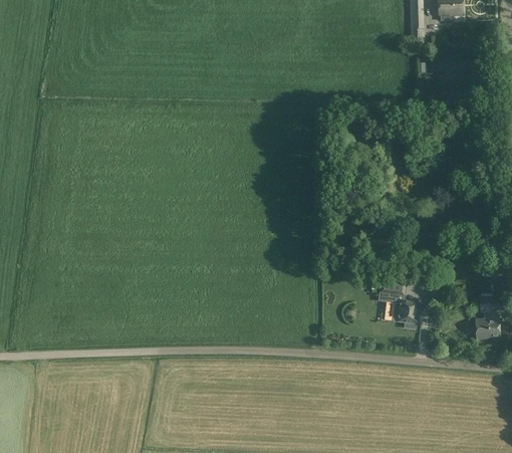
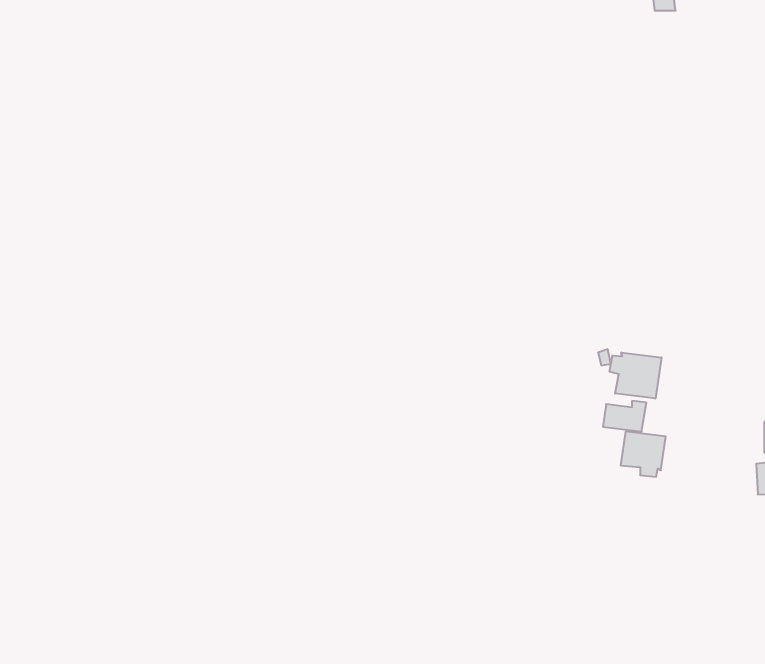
building: none -> [610,352,662,399]

